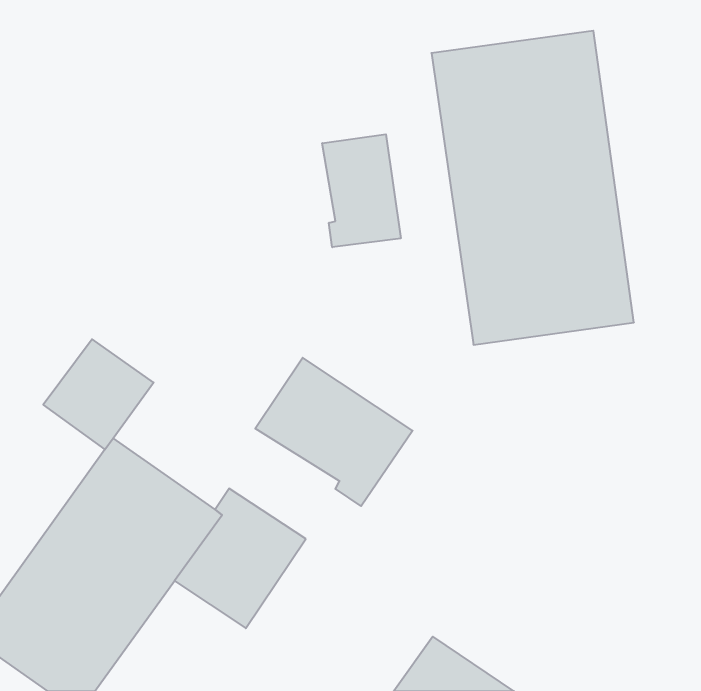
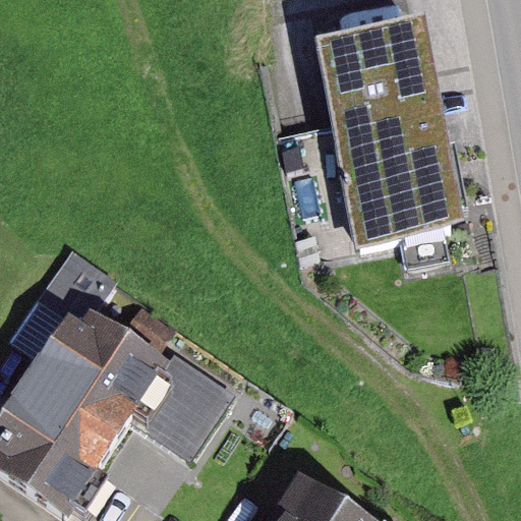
building: [322,134,401,247] -> none
building: [255,358,413,506] -> none

